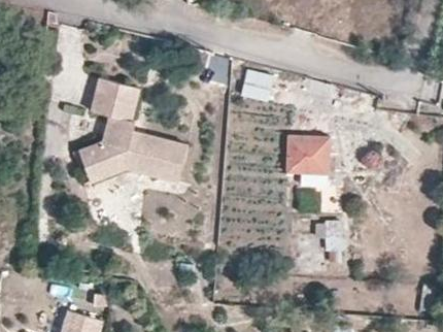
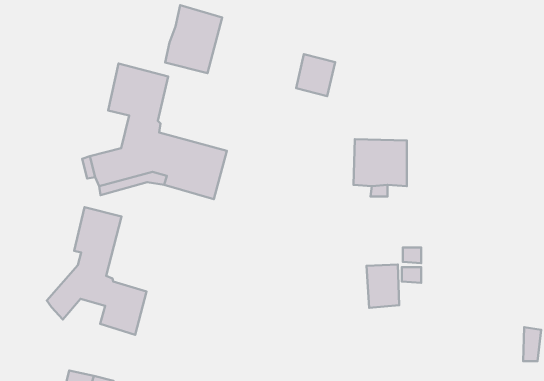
building: none -> [165,5,222,73]
building: none -> [47,207,146,335]

